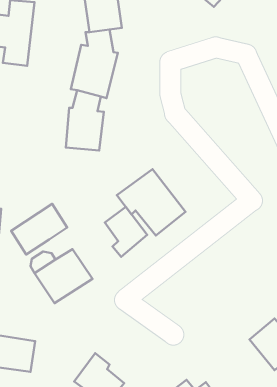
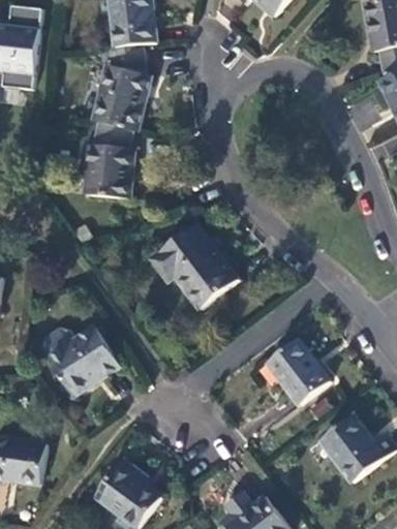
building: [11,204,67,255] -> none
building: [105,207,147,257] -> none
building: none -> [265,340,329,405]

